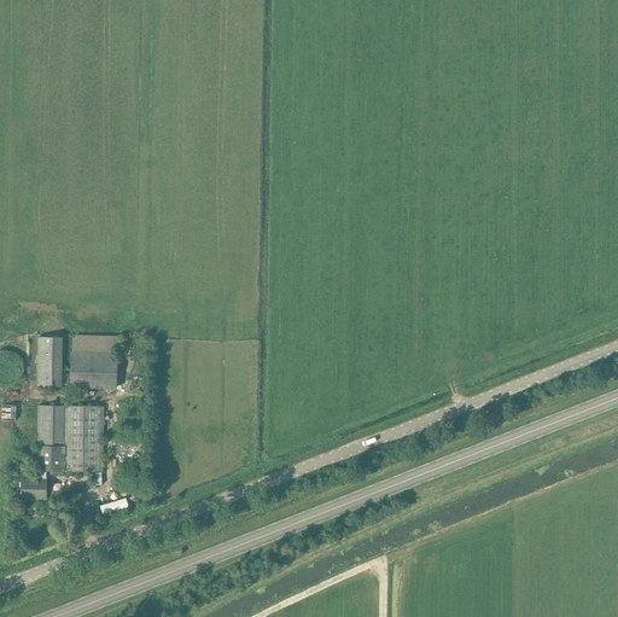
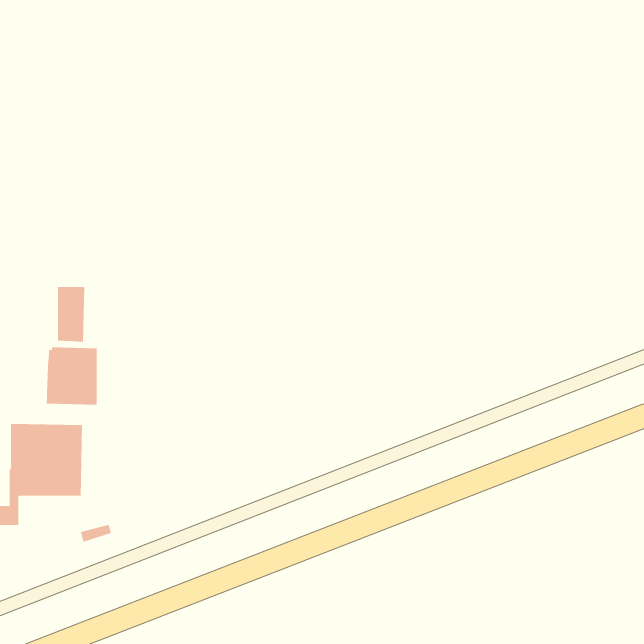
building: [36,337,62,388] -> [57,287,85,342]

